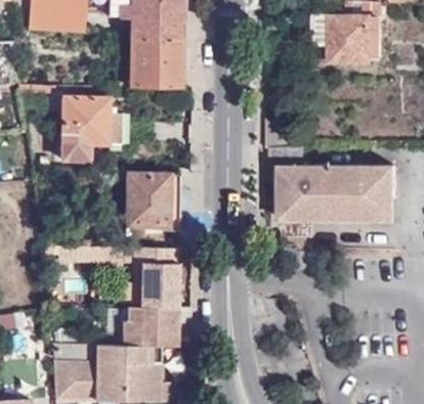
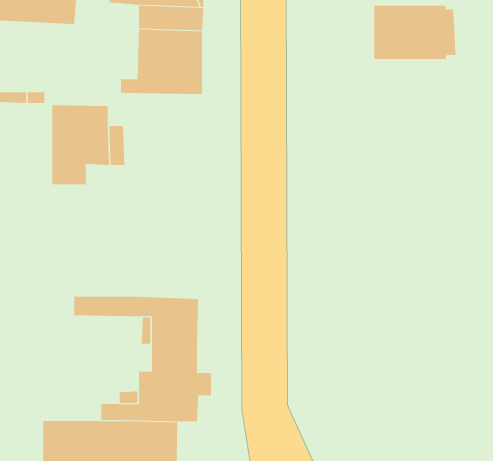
building: [273,148,396,222] -> none
building: [111,171,169,236] -> none

